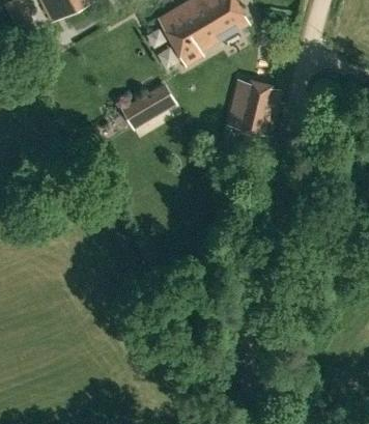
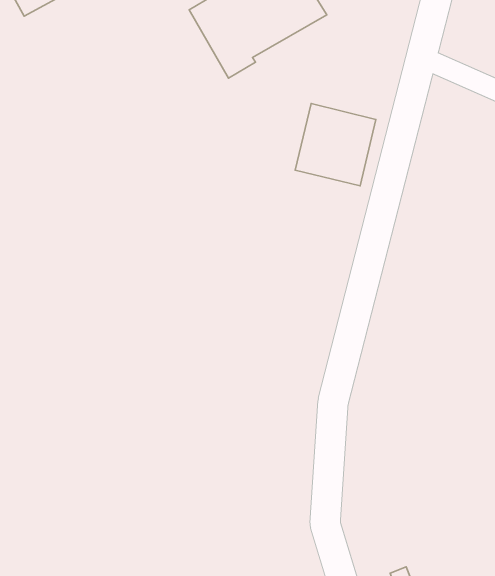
building: [114,82,175,131] -> none

